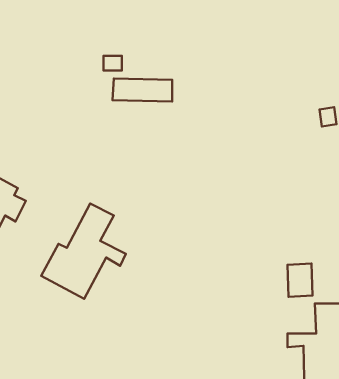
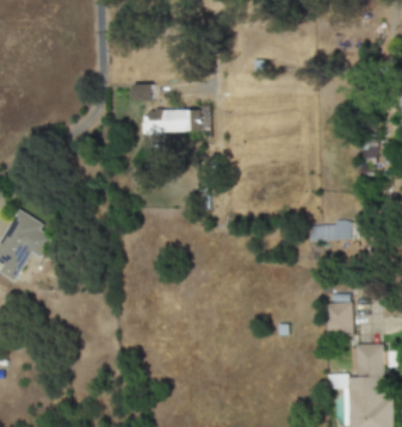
building: none -> [309,222,351,240]
building: [41,204,126,299] -> none

